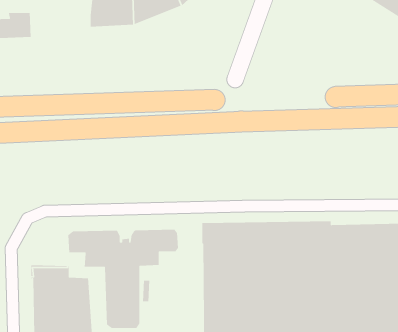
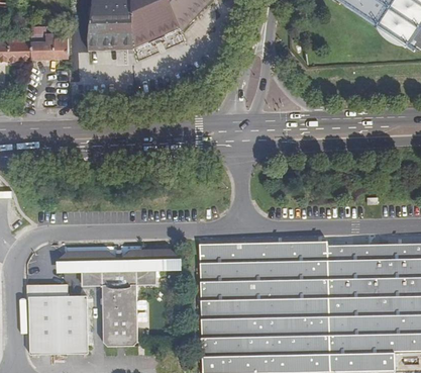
building: none -> [30,27,69,60]

